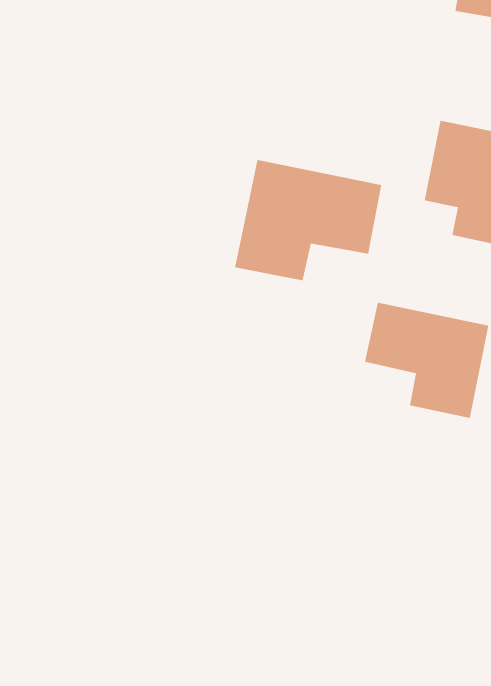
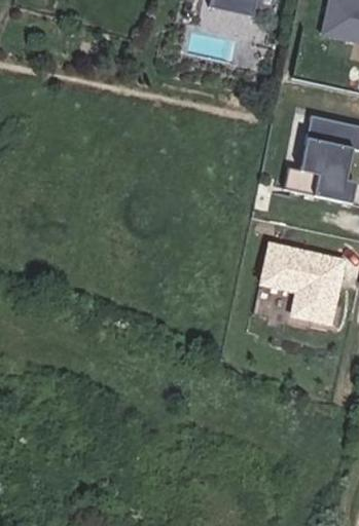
building: [235,159,382,281] -> none

